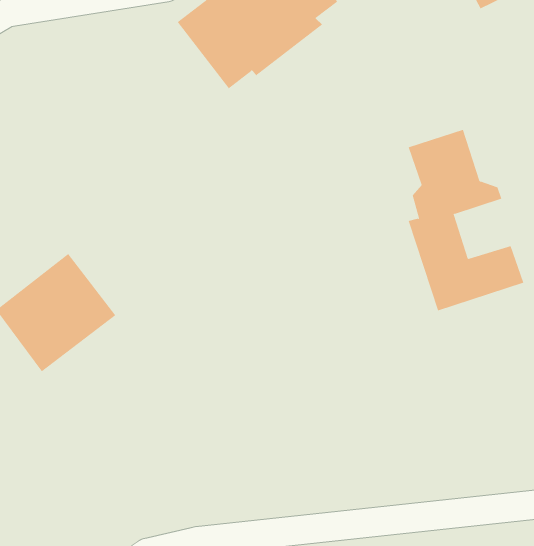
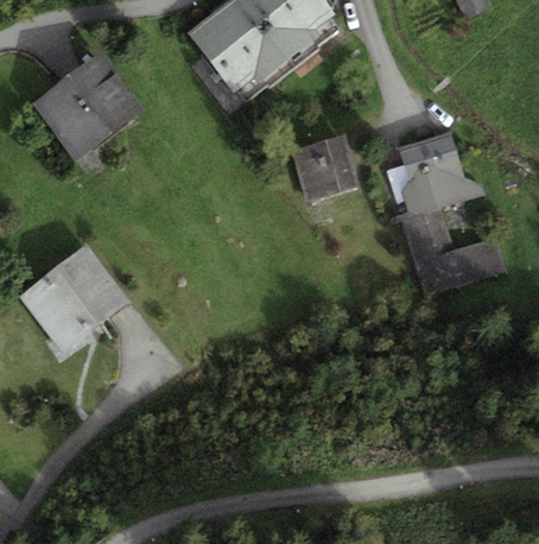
building: none -> [33,51,145,160]
building: none -> [292,135,359,202]

